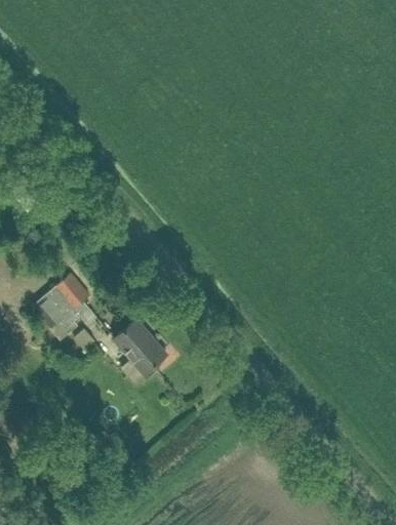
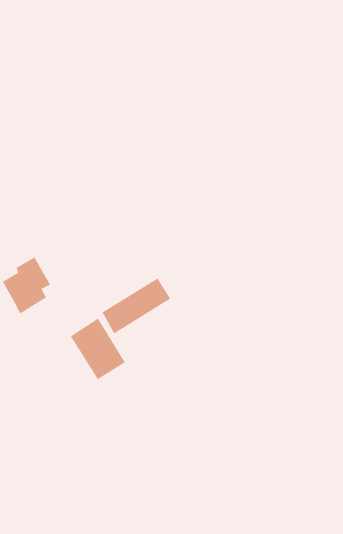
building: none -> [101,277,171,334]

